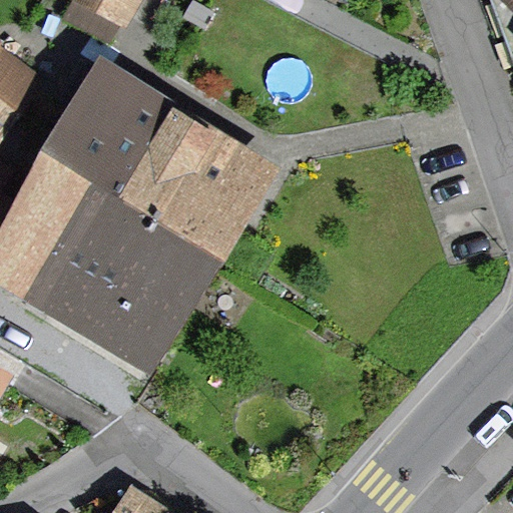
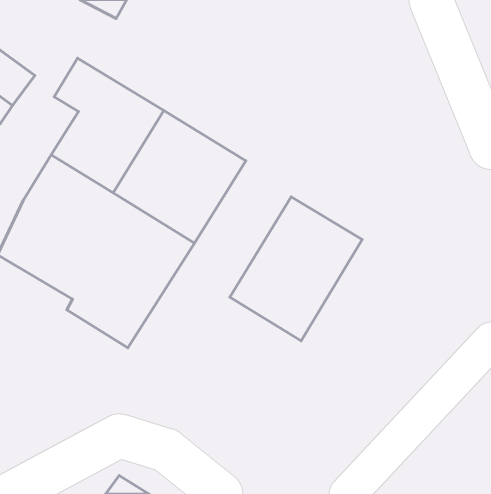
building: none -> [230,197,362,341]

